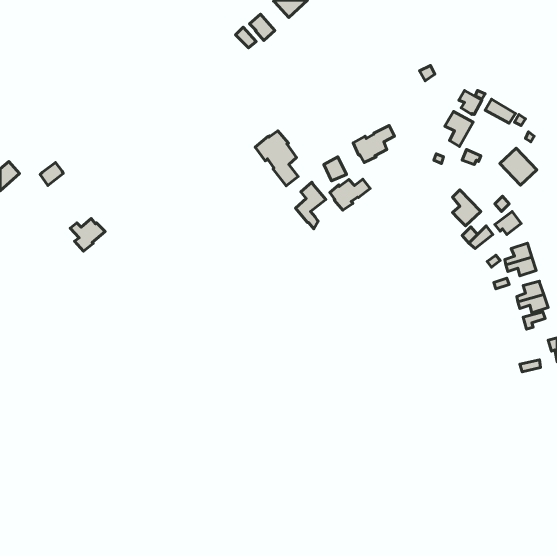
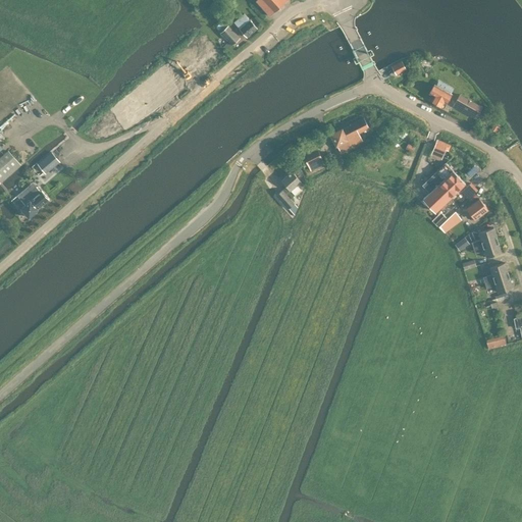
building: [445,111,473,147] -> none
building: [255,131,298,186] -> none
building: [500,148,537,185] -> [430,164,465,199]
building: [330,179,370,210] -> none
building: [70,218,105,251] -> [16,188,49,218]

